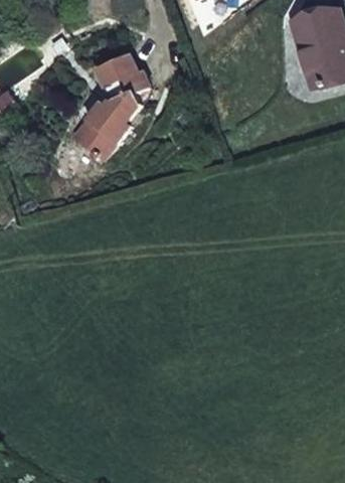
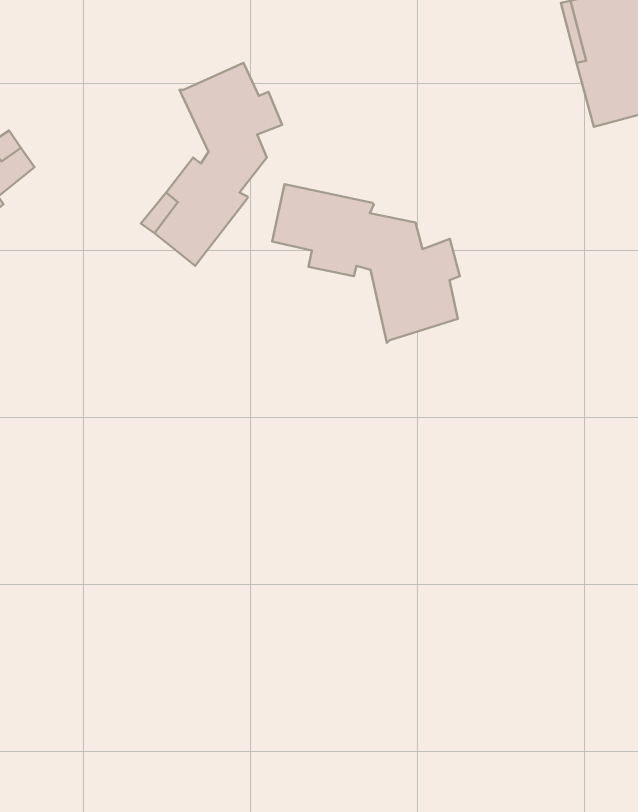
building: none -> [272,184,460,343]

